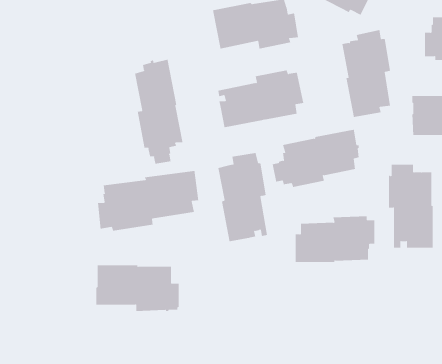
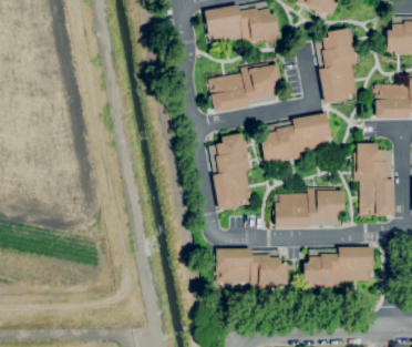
building: [135,59,183,165] -> none
building: [97,170,199,231] -> none
building: [95,265,179,311] -> [216,248,288,288]
building: none -> [303,246,375,287]

